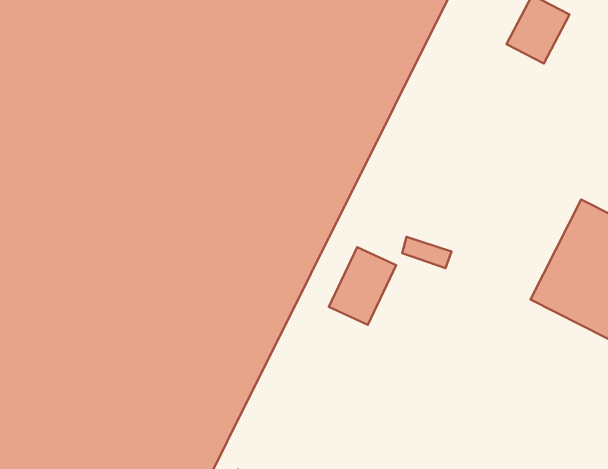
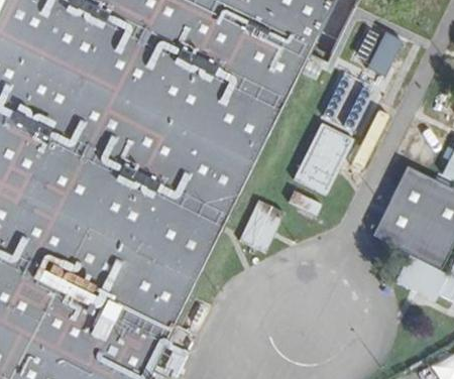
building: none -> [321,72,374,128]
building: none -> [291,121,353,197]

